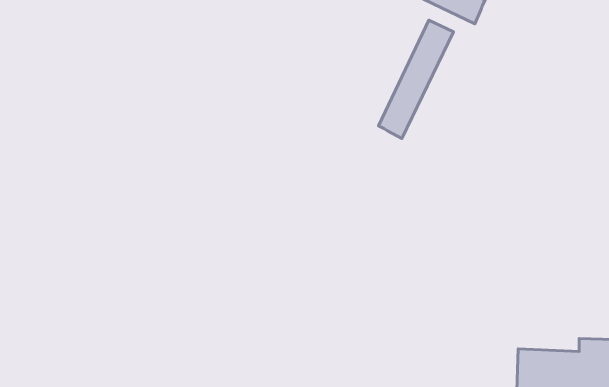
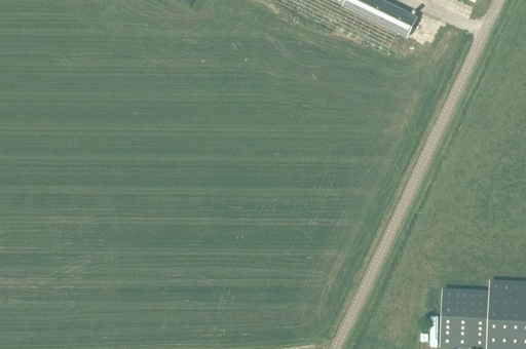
building: [378,20,454,139] -> none

